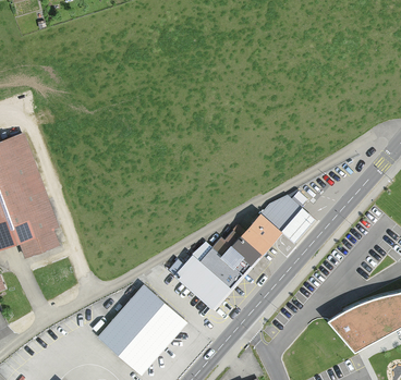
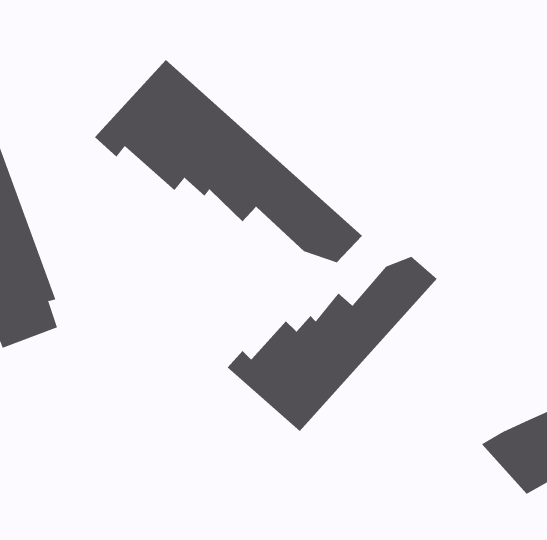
building: none -> [94,59,363,263]
building: [97,285,185,375] -> none

